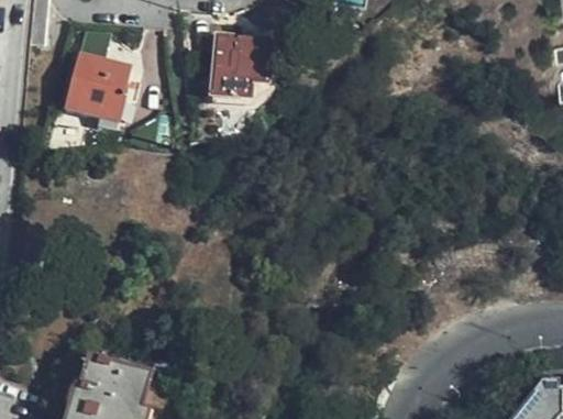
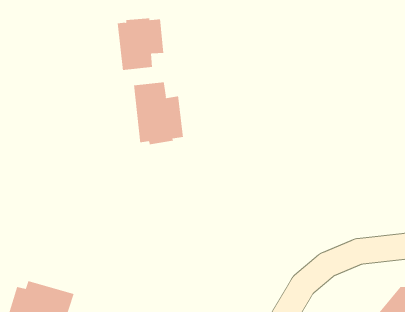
building: [66,59,131,126] -> none
building: none -> [133,82,184,145]

